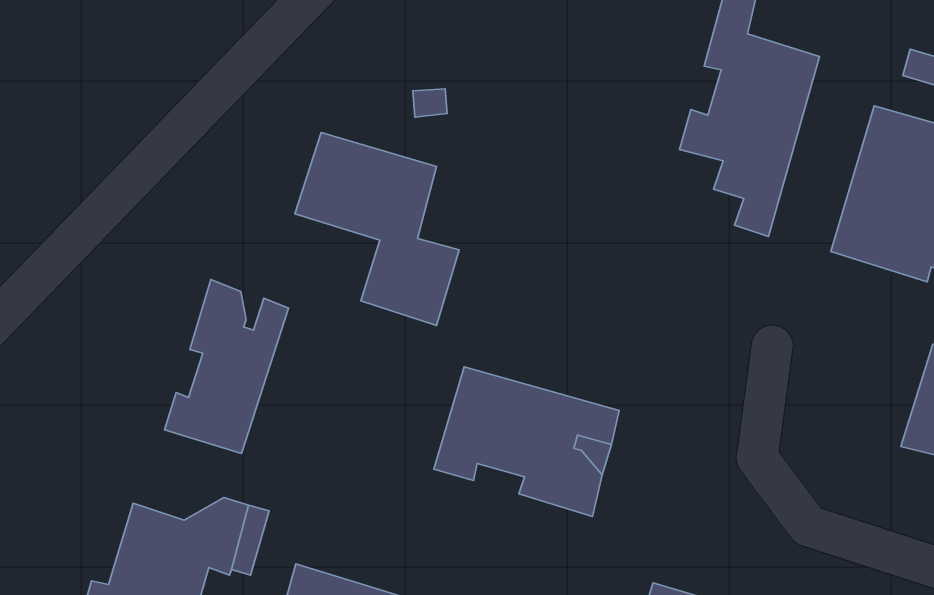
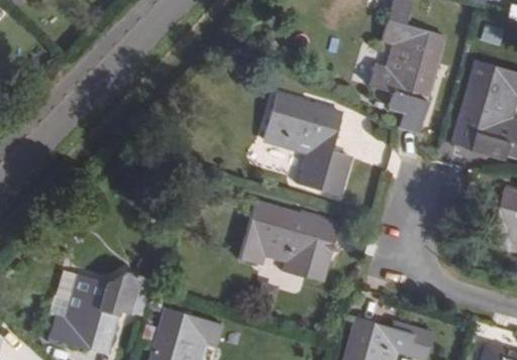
building: [295,132,459,325] -> [265,96,352,199]
building: [164,279,288,454] -> none

